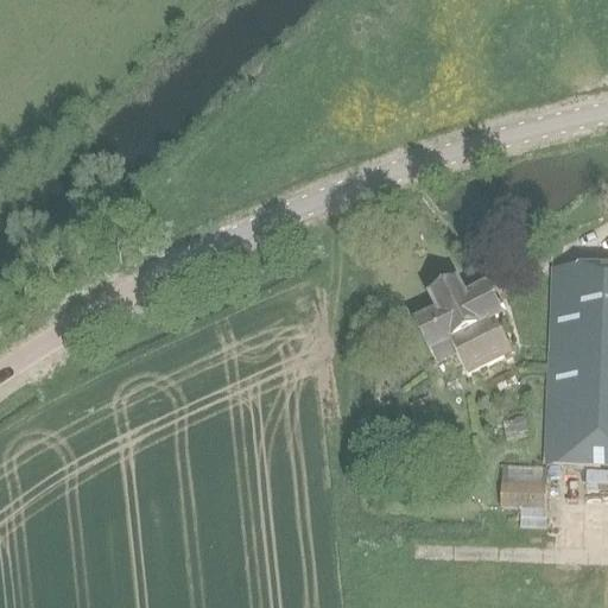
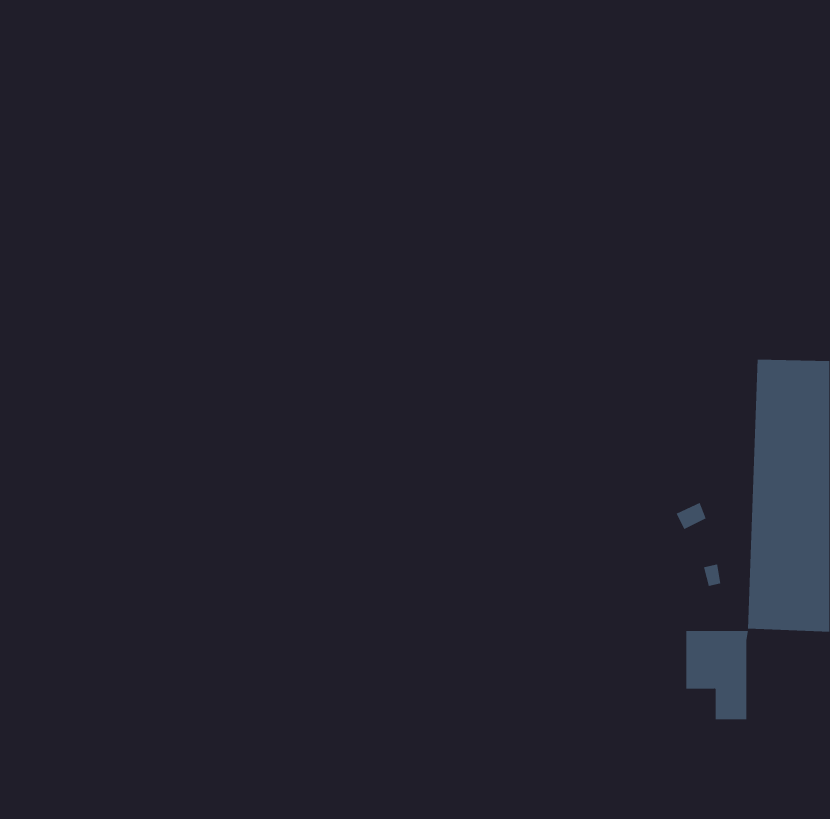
building: [418,284,515,370] -> none

